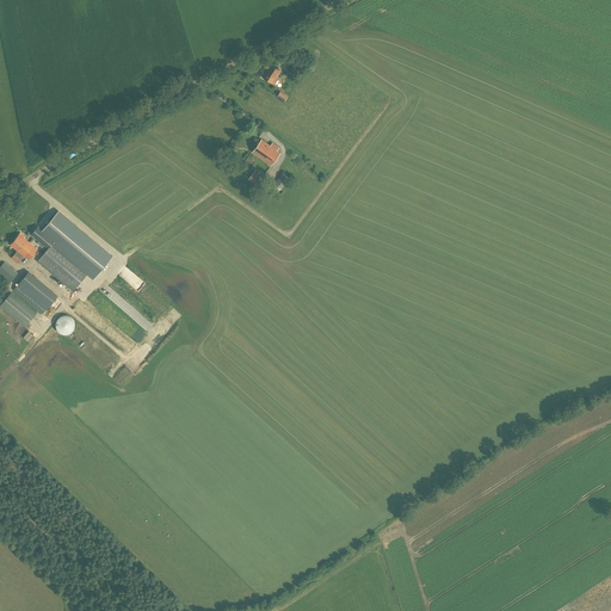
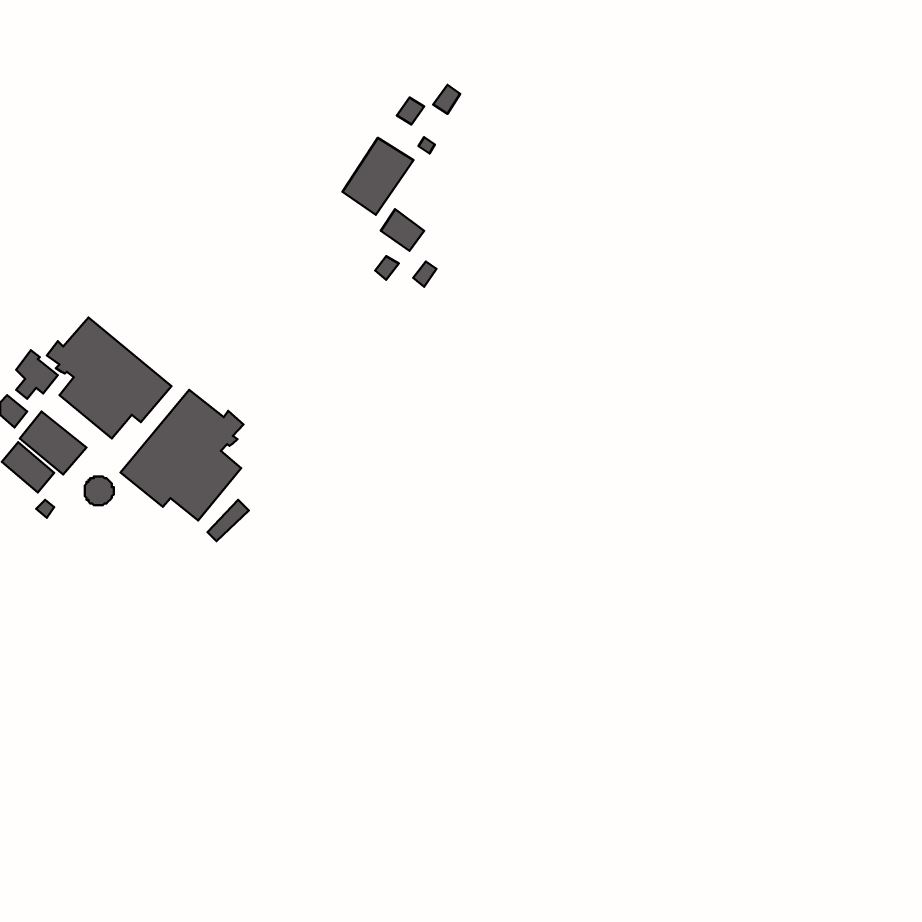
building: none -> [342,138,414,215]
building: none -> [120,390,244,520]

